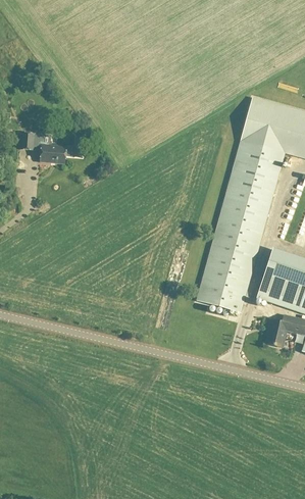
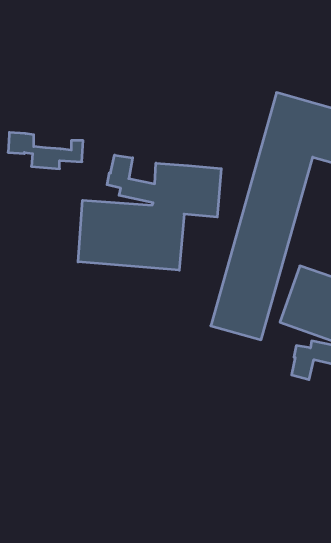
building: none -> [78,155,221,270]

